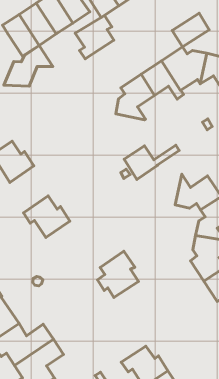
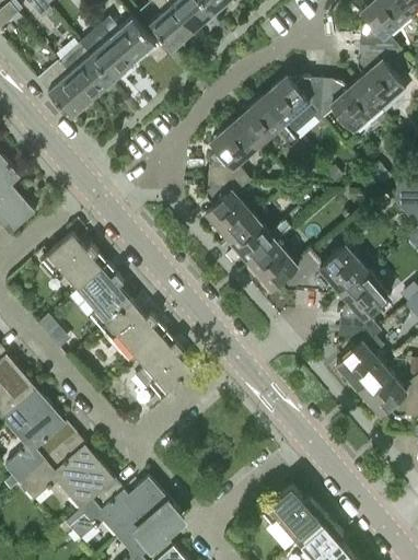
building: [172,13,209,47] -> none
building: [75,15,114,59] -> none
building: [4,45,53,86] -> none
building: none -> [205,178,253,238]
building: none -> [248,241,309,291]
building: none -> [77,264,131,329]
building: [98,251,138,297] -> [135,332,190,397]

